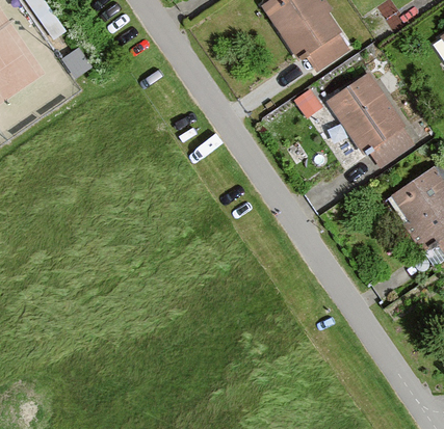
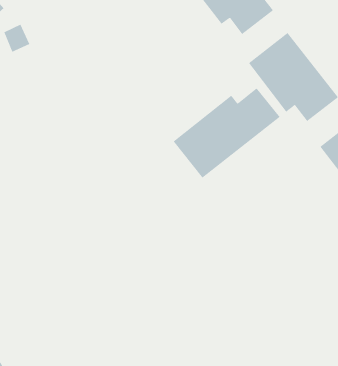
building: none -> [173,88,280,179]

